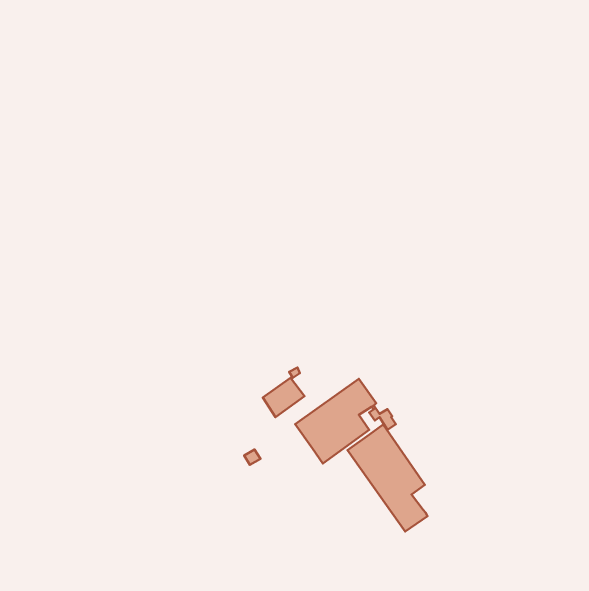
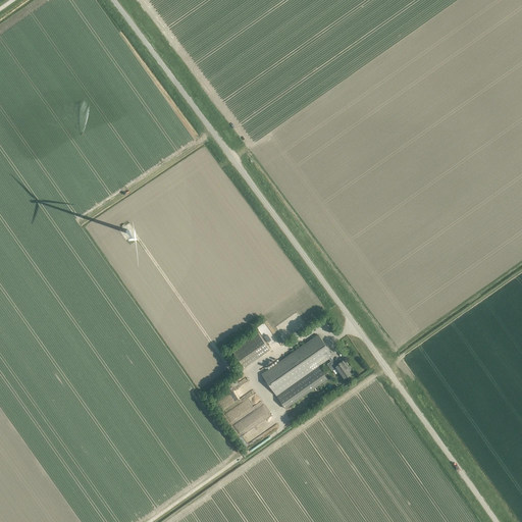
building: [347,425,427,532] -> none

